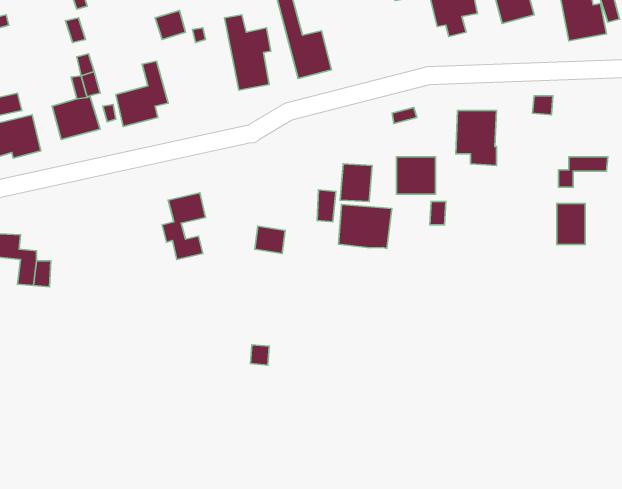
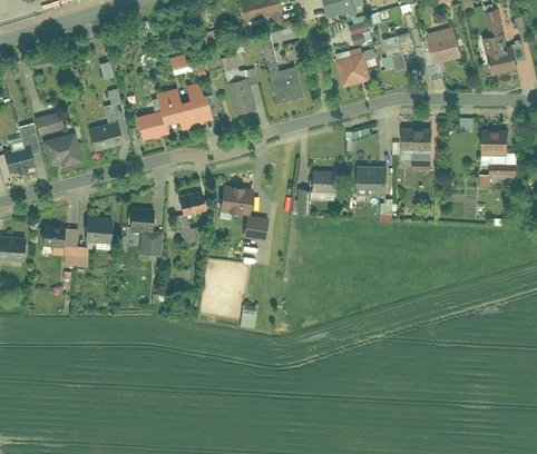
building: none -> [335,49,371,83]
building: none -> [169,82,215,131]
building: none -> [481,130,508,156]
building: none -> [222,187,255,215]
building: [557,203,585,245] -> none
building: [338,205,392,249] -> none
building: none -> [129,207,163,253]
building: none -> [82,213,113,240]

